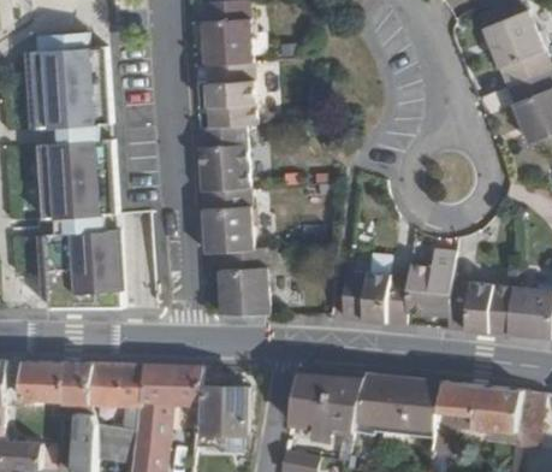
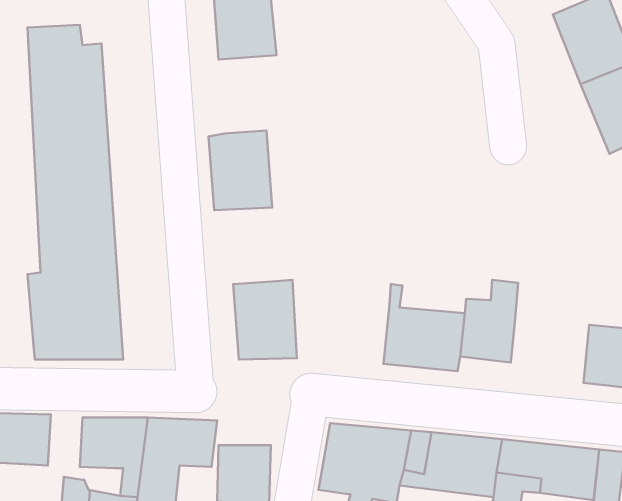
building: [203,61,256,126] -> none
building: [200,188,251,252] -> none
building: [445,281,511,334] -> none
building: [61,360,90,414] -> none

